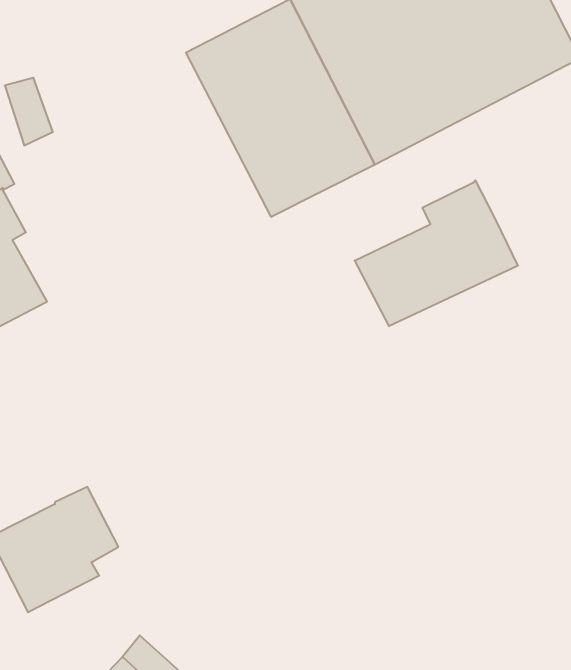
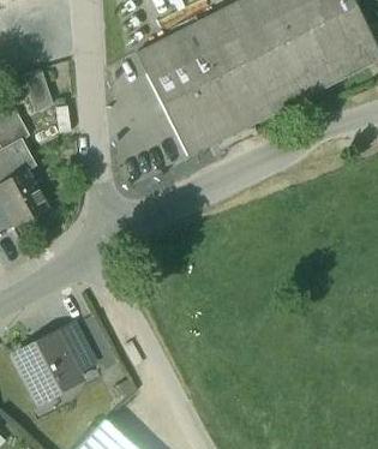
building: [355,180,518,326] -> none

